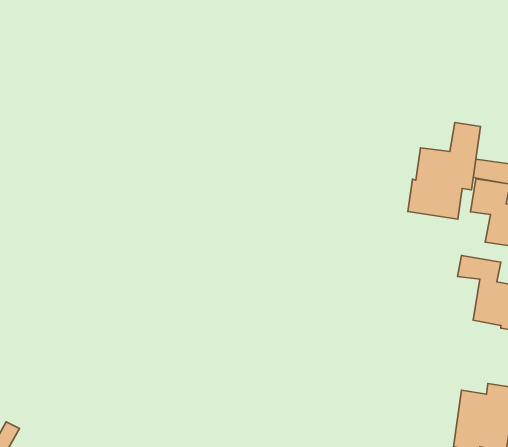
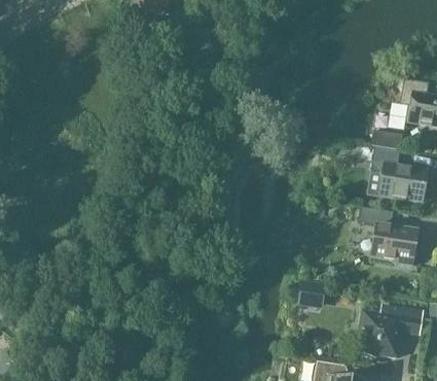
building: [408,123,481,219] -> none

